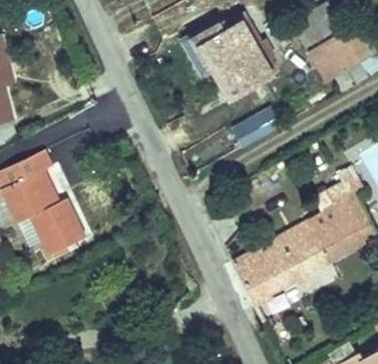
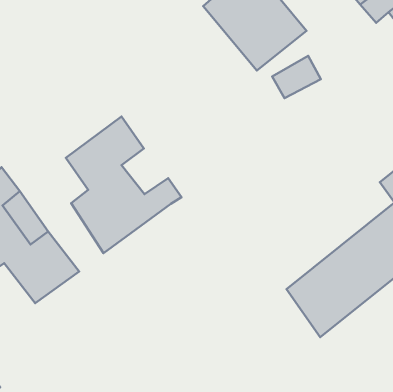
building: none -> [66,117,182,253]

